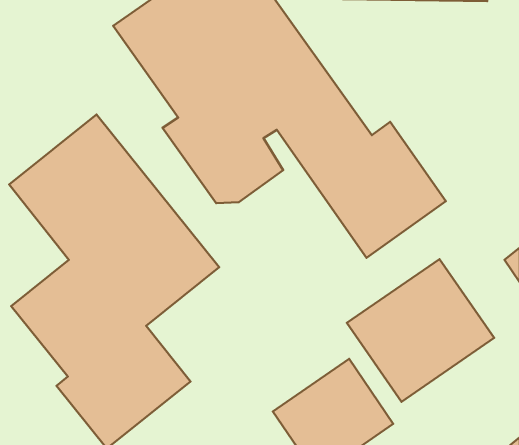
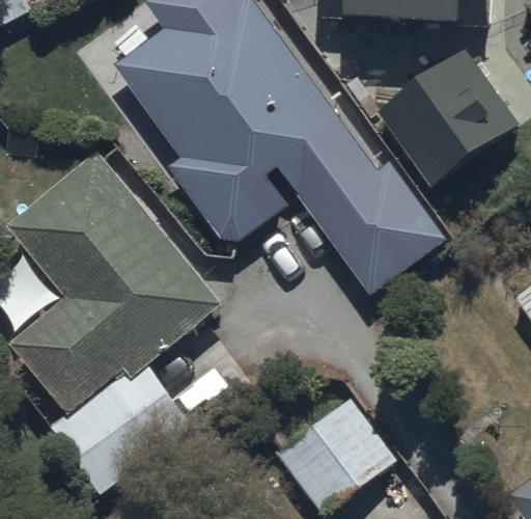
building: none -> [373,43,516,184]
building: [347,259,494,402] -> none

